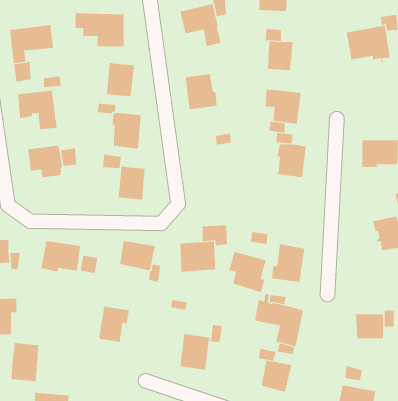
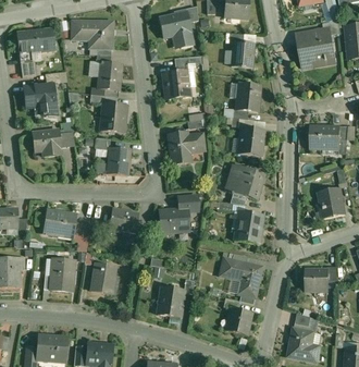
building: none -> [166,131,202,164]
building: [229,251,267,293] -> [228,164,260,199]
building: [10,343,39,382] -> [50,257,74,290]

